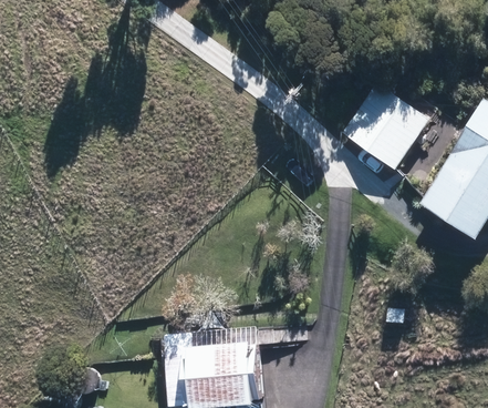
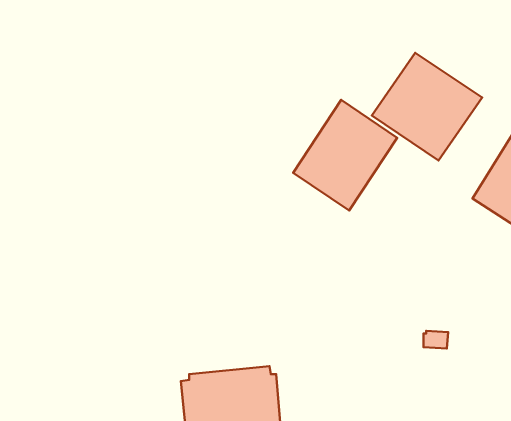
building: none -> [293,100,397,211]

